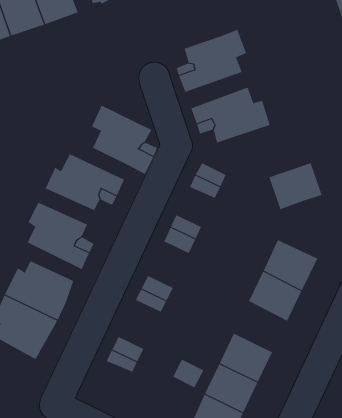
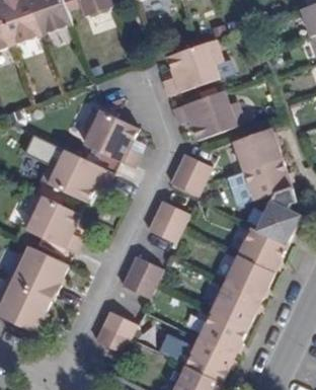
building: none -> [233,128,282,170]
building: none -> [257,186,302,243]
building: none -> [212,282,260,327]

